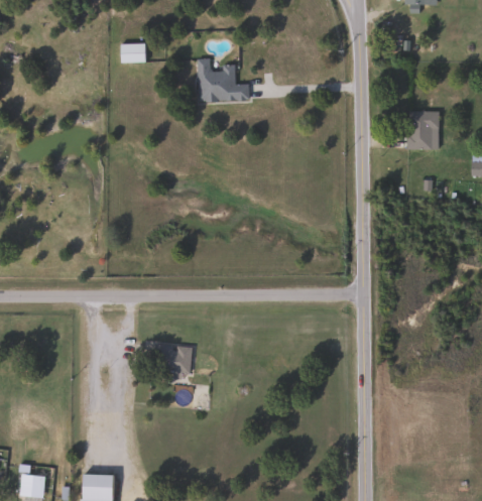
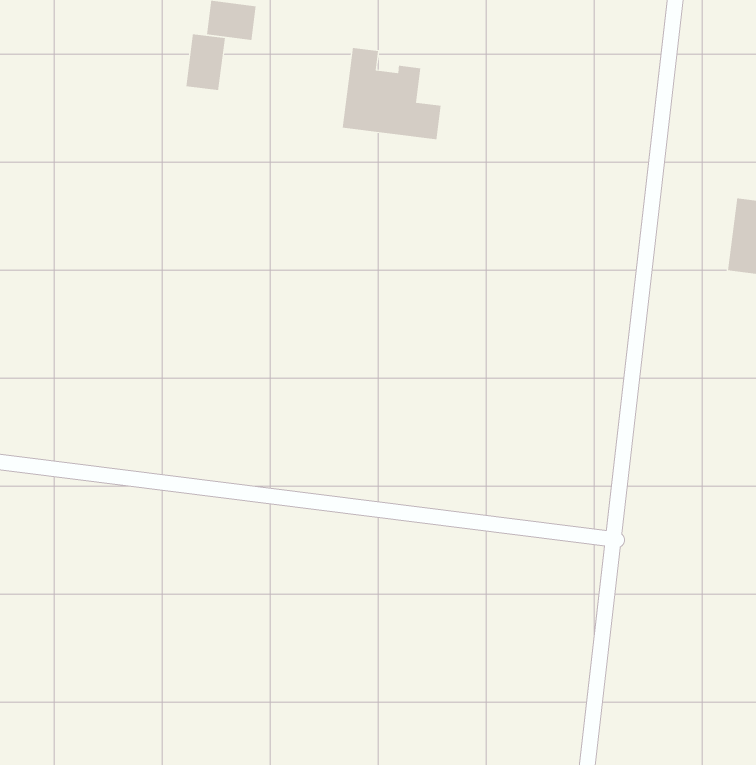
building: none -> [186,33,226,91]
building: [153,344,192,378] -> none

